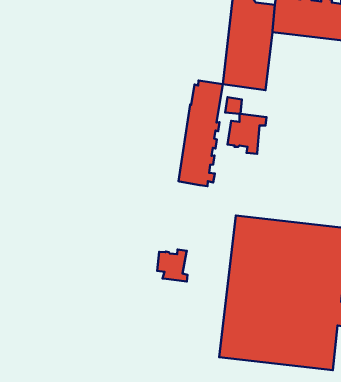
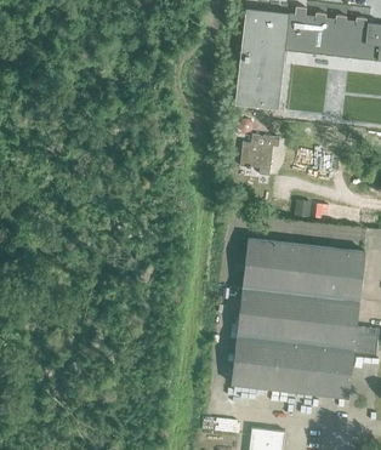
building: [179,80,223,186] -> none
building: [157,249,188,282] -> none

